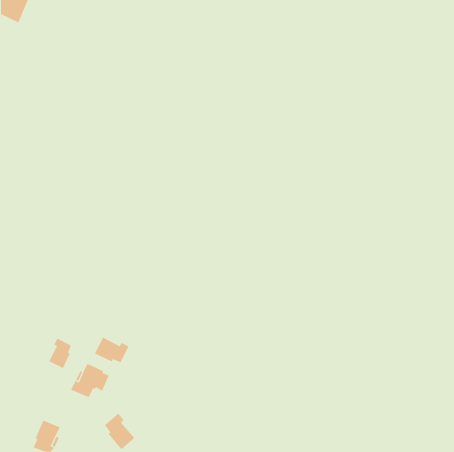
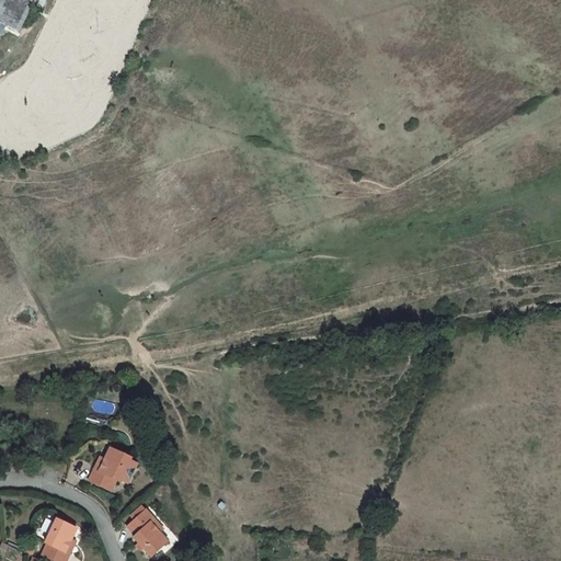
building: [94,337,129,363] -> none
building: [49,338,72,369] -> none

